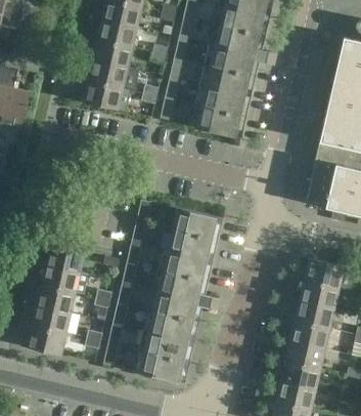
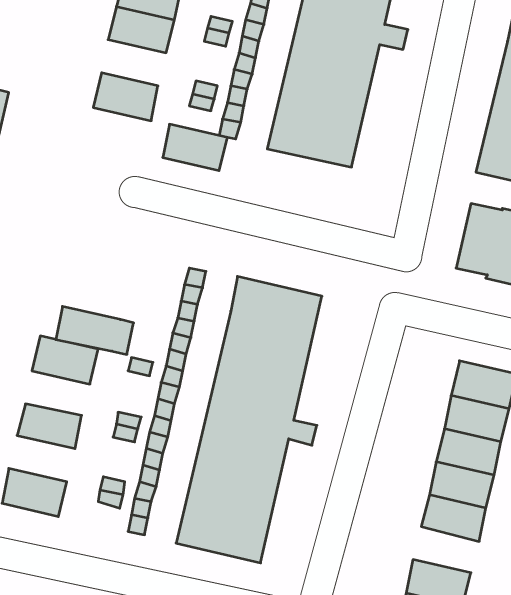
building: [88,59,128,88] -> [163,124,227,171]
building: [41,264,89,294] -> [56,306,134,354]
building: [31,304,72,333] -> none
building: [280,361,321,389] -> none

